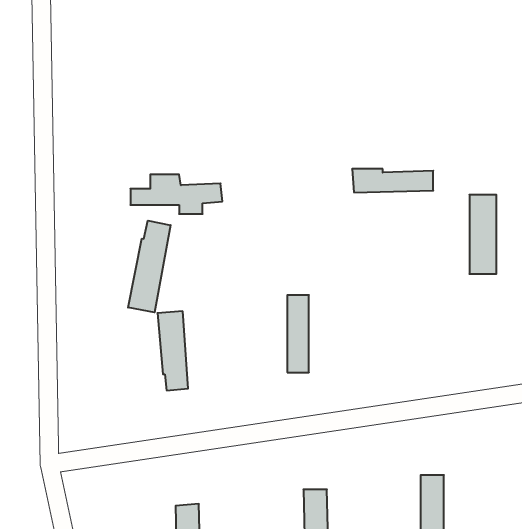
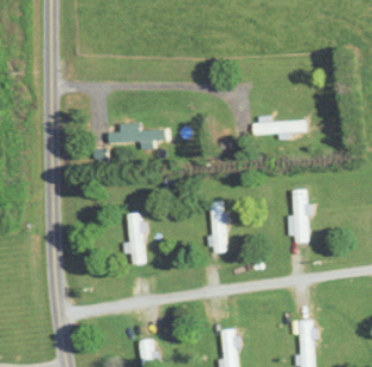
building: [469,195,496,274] -> [290,189,308,242]
building: [128,221,171,312] -> none

